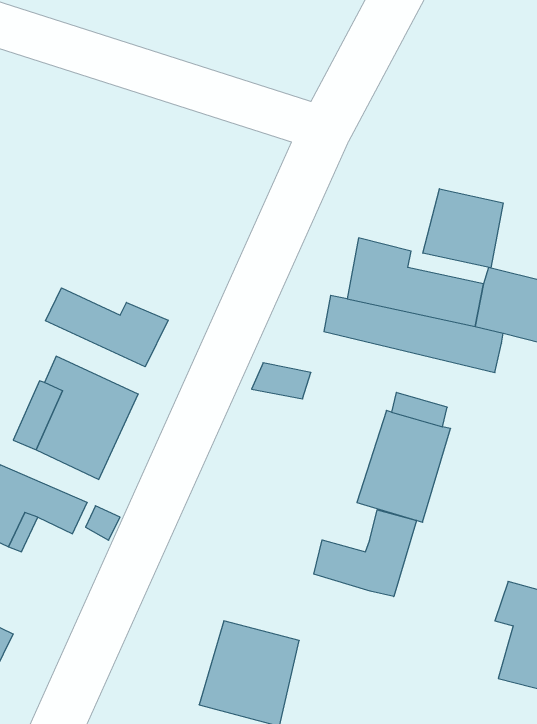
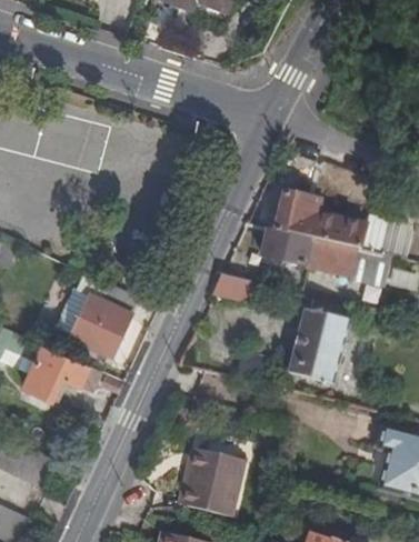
building: [423,189,503,268] -> none
building: [45,288,168,367] -> none
building: [314,510,417,597] -> none

